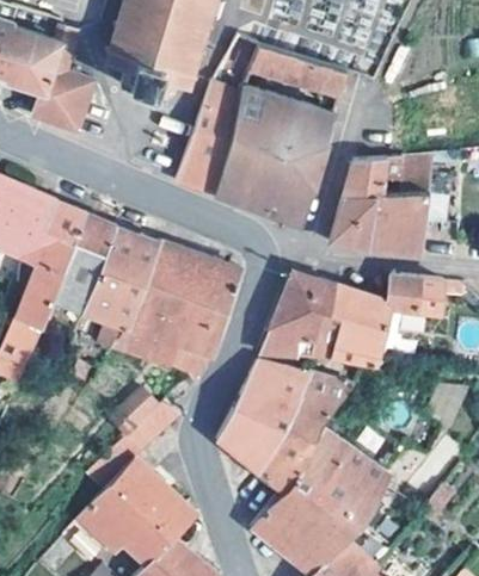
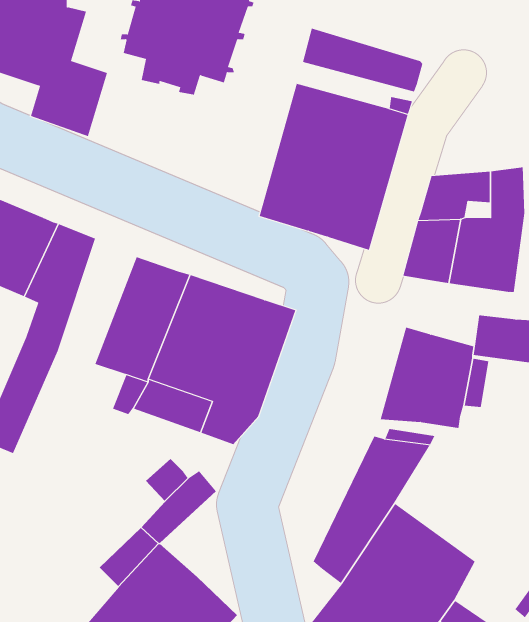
building: [173,36,256,194] -> none
building: [54,212,116,312] -> none
building: [259,270,331,357] -> none
building: [215,359,306,470] -> none

